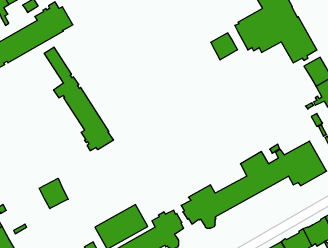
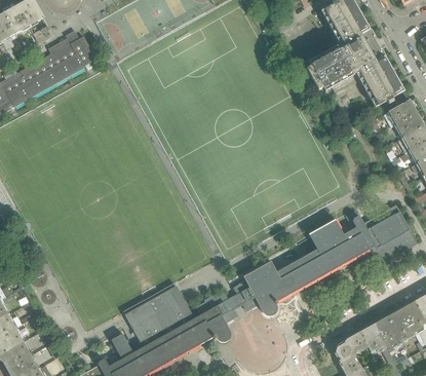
building: [211,33,237,60] -> none
building: [44,47,113,151] -> none
building: [39,178,68,209] -> none

